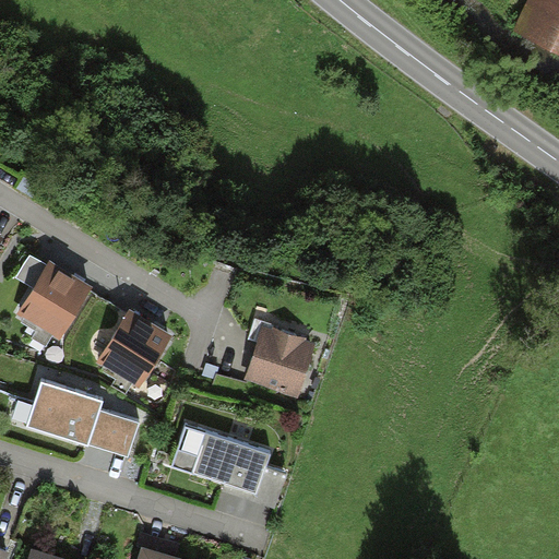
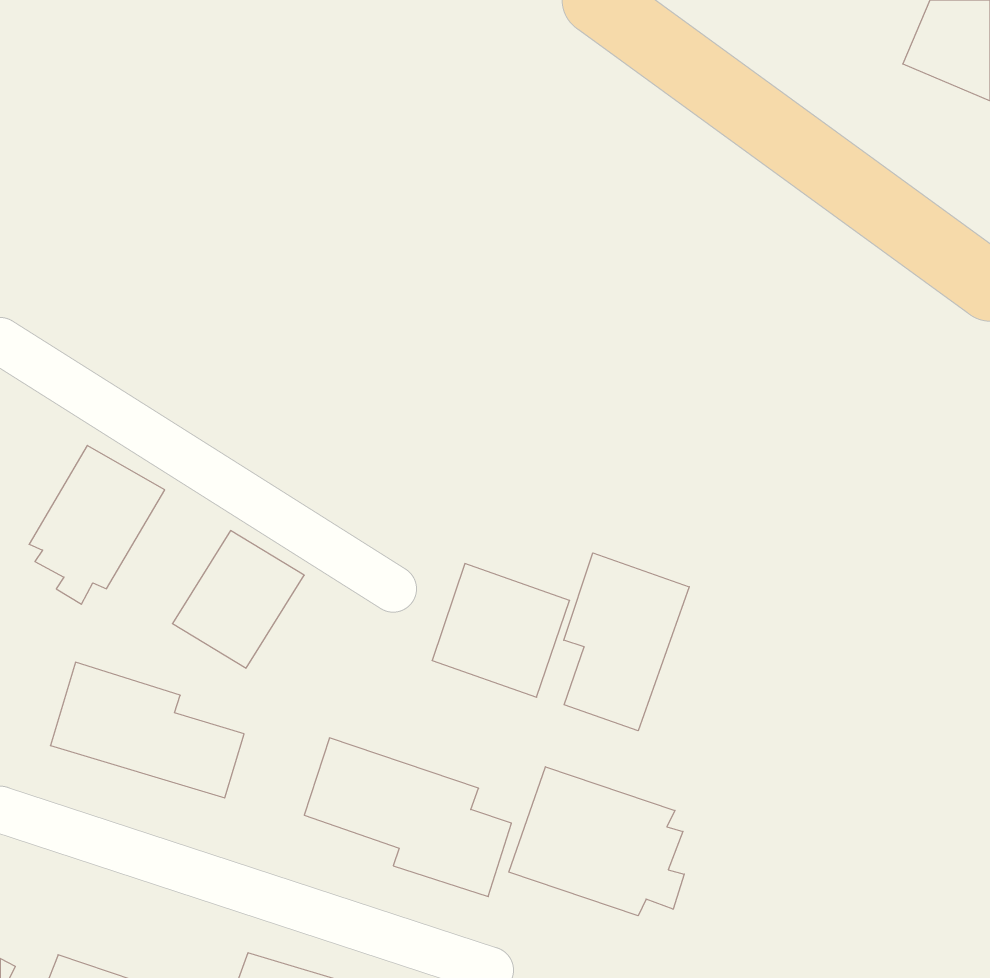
building: none -> [564,553,689,731]
building: none -> [509,767,684,916]

